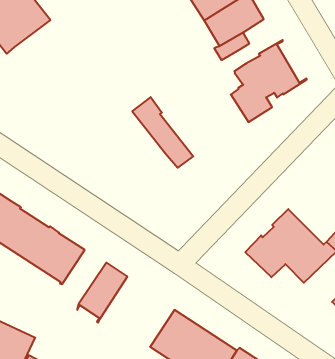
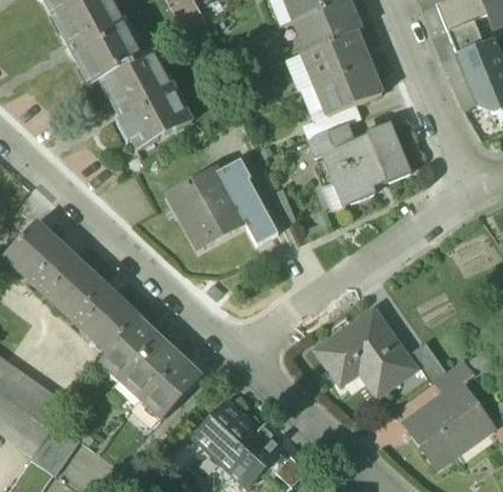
building: none -> [98,48,192,149]
building: none -> [308,124,353,158]
building: none -> [167,166,246,250]
building: none -> [98,315,160,381]
building: none -> [139,354,202,419]

